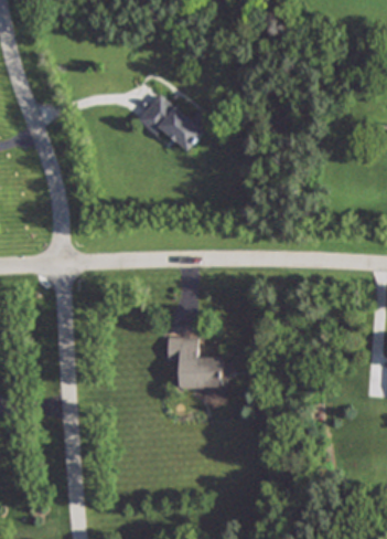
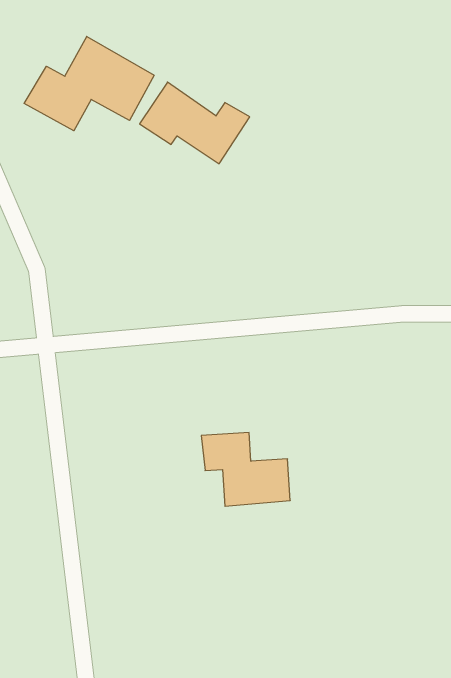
building: none -> [24,36,154,131]

